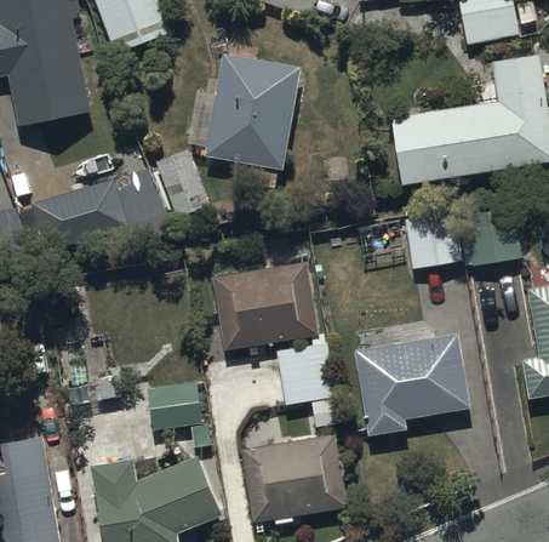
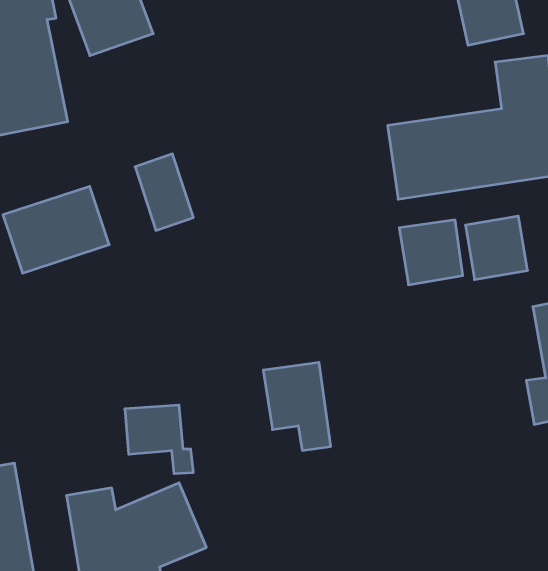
building: [204,52,301,171] -> none
building: [211,259,320,350] -> none
building: [354,333,471,437] -> none
building: [239,430,349,524] -> none

